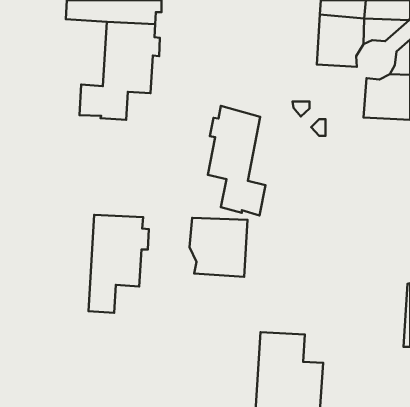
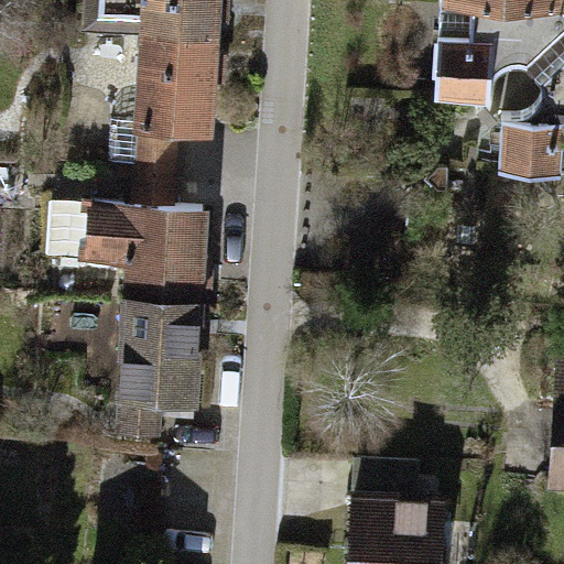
building: [208,106,266,215] -> none
building: none -> [51,167,207,303]
building: [189,218,247,277] -> none

